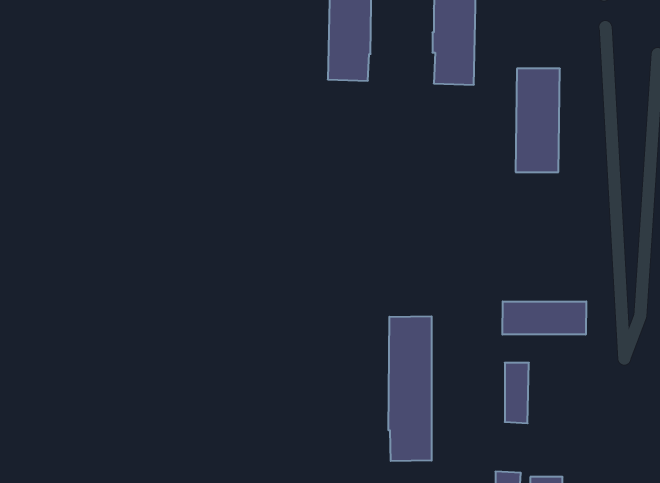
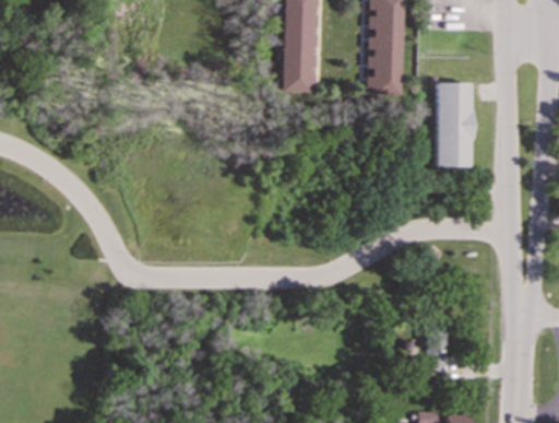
building: [502,301,586,335] -> none
building: [389,316,432,461] -> none

